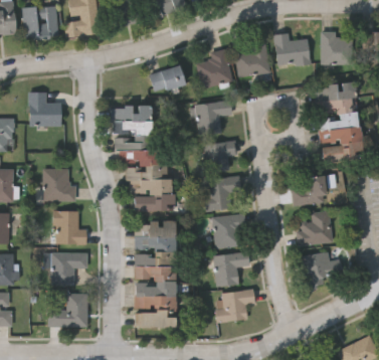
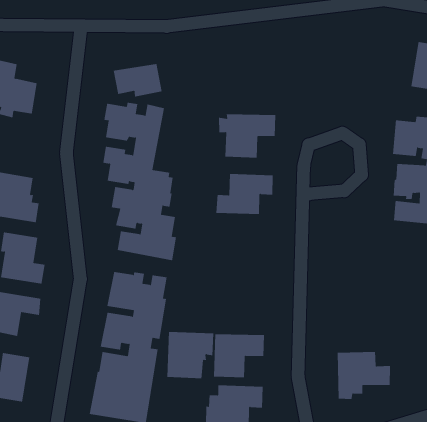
building: [273,33,310,65] -> none
building: [234,37,268,76] -> none
building: [196,48,233,87] -> none
building: [149,64,186,91] -> [113,63,163,97]
building: [204,176,241,211] -> none
building: [292,176,326,205] -> none
building: [296,211,332,246] -> none
building: [211,215,245,251] -> [167,331,214,379]

